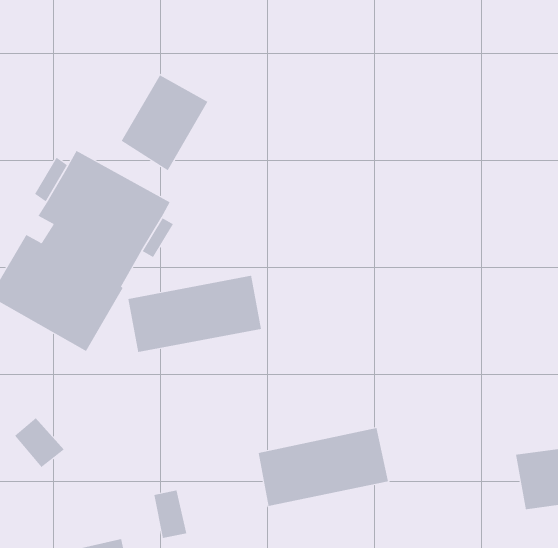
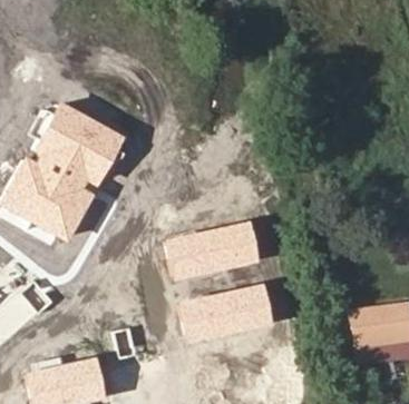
building: [121,74,208,171] -> none
building: [127,275,262,353] -> [168,227,257,278]

